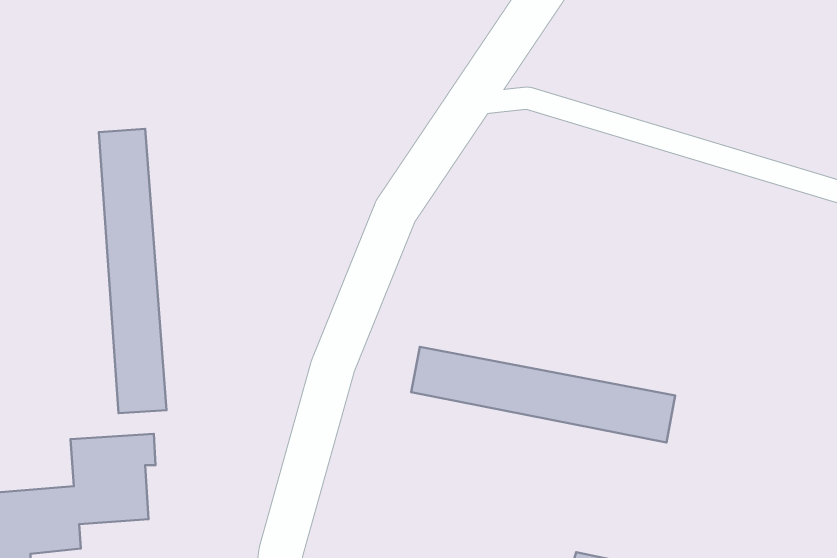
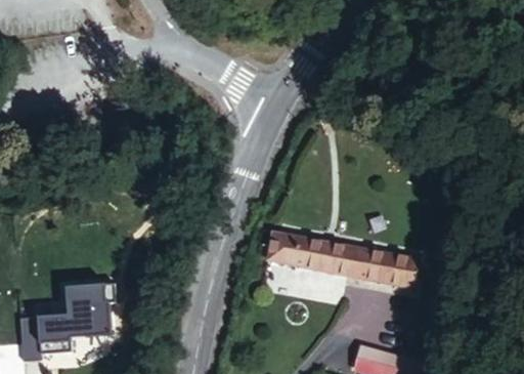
building: [99,129,167,413] -> none

